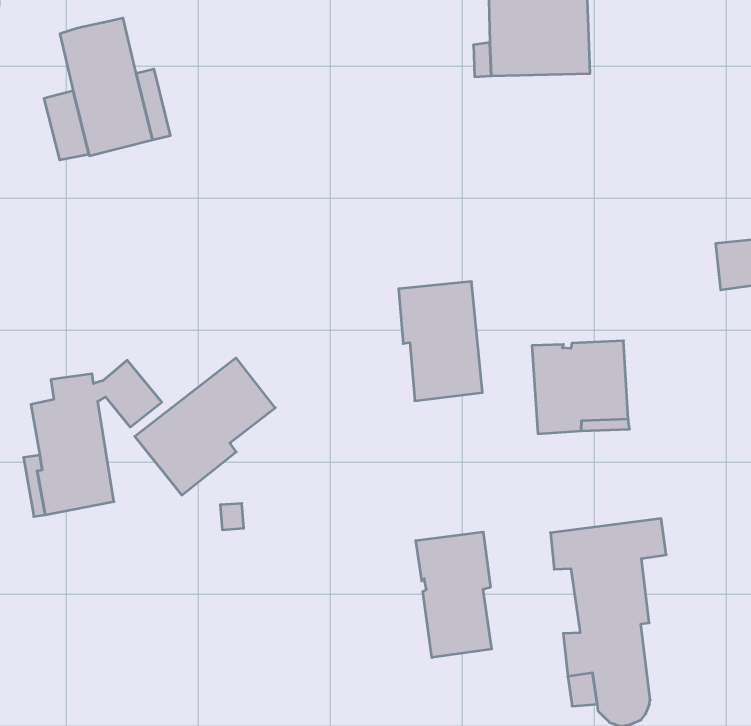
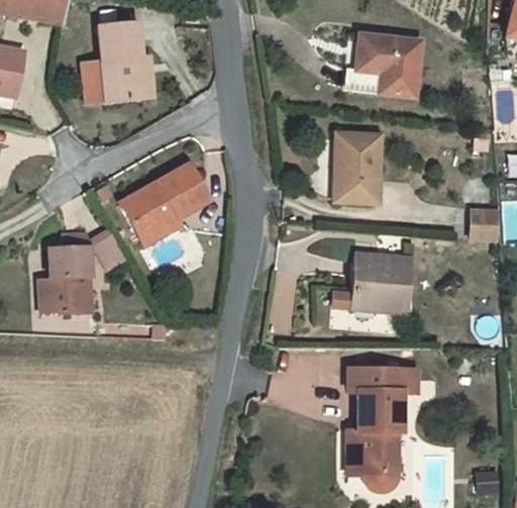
building: [399,282,482,401] -> [333,133,380,203]
building: [135,358,275,495] -> [120,166,207,243]
building: [416,532,492,658] -> none

